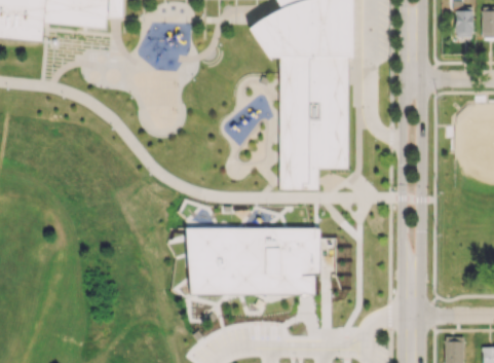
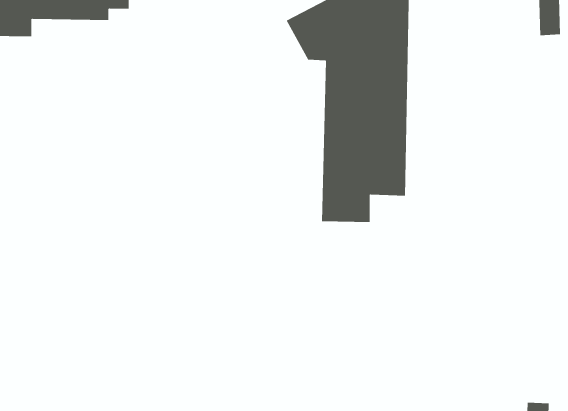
building: [188,226,320,293] -> none

